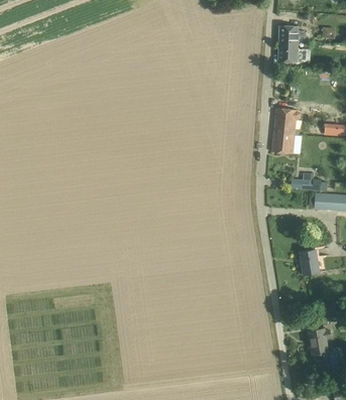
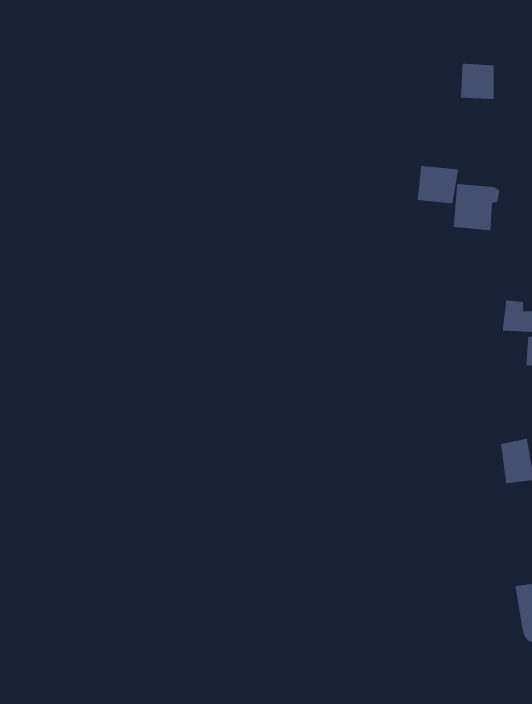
building: [278,25,305,42] -> none
building: [271,132,295,153] -> [417,166,459,204]

